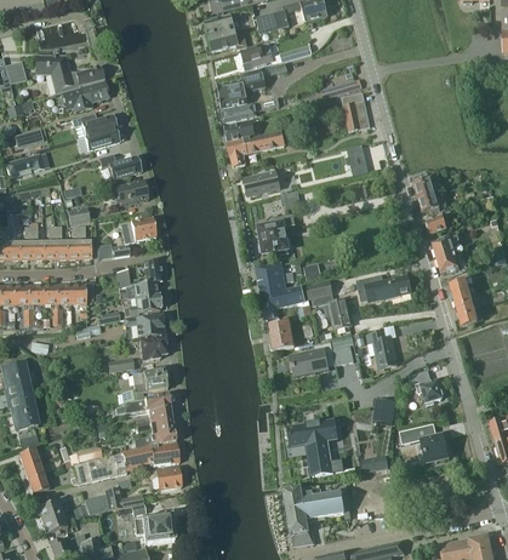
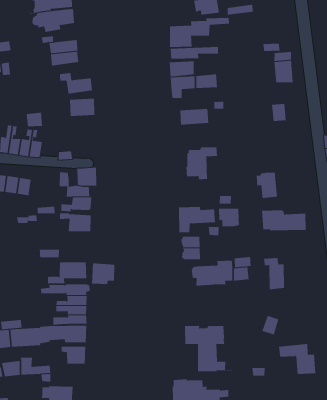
building: [120,217,156,242] -> none
building: [255,262,293,290] -> none
building: [324,297,353,330] -> [256,172,278,199]
building: [138,335,167,361] -> [91,263,115,284]
building: [409,370,443,405] -> none

